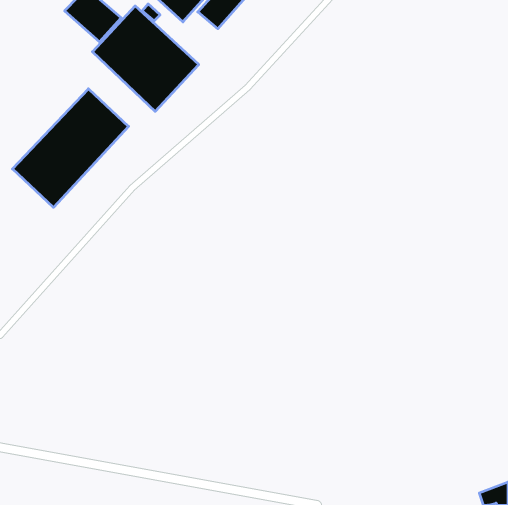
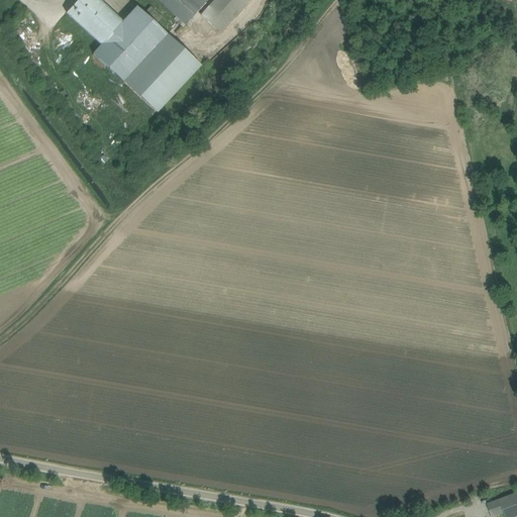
building: [12,89,129,207] -> none

